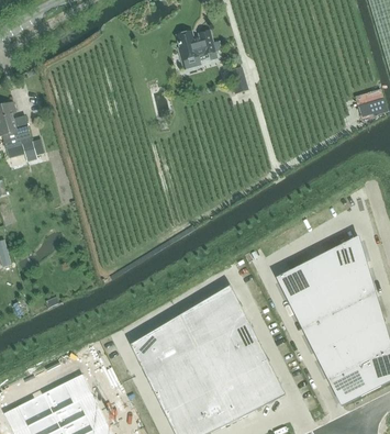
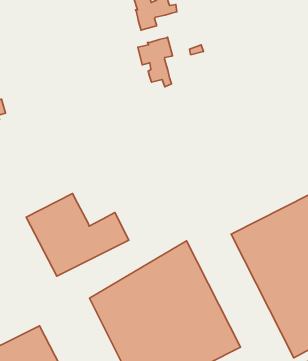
building: none -> [138,37,172,87]
building: none -> [26,194,129,276]

